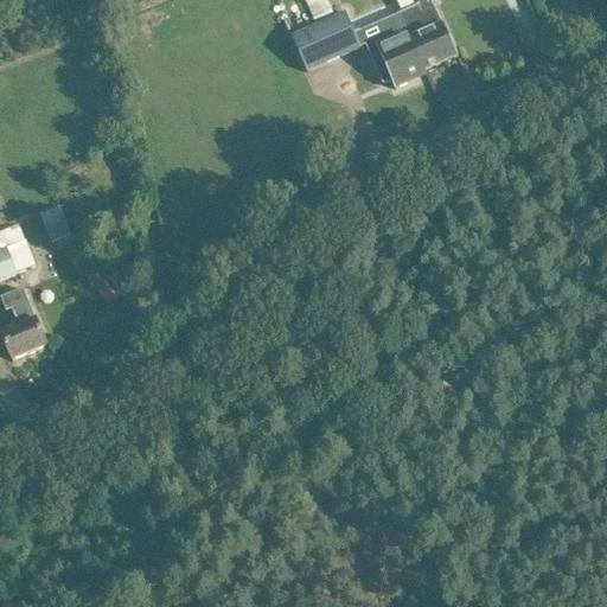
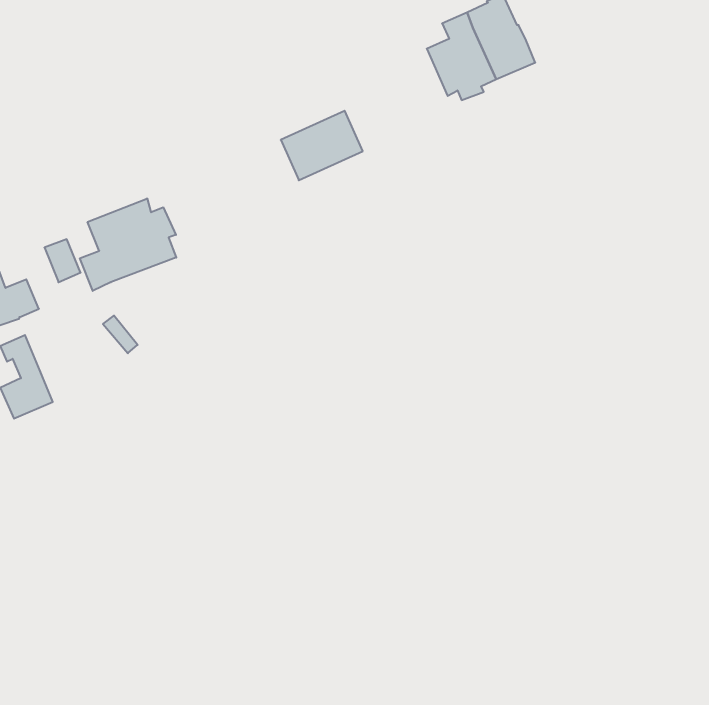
building: [290,9,360,69] -> [281,111,363,180]
building: none -> [80,198,176,291]

